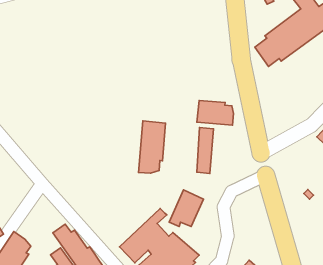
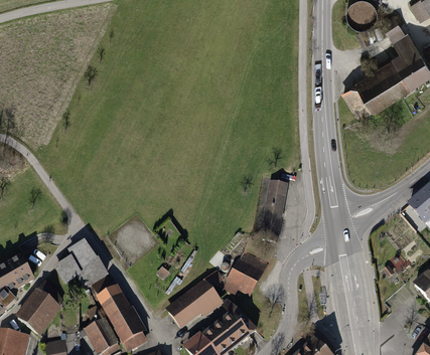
building: [197,101,233,125] -> none
building: [138,121,166,173] -> none
building: none -> [52,242,106,291]

